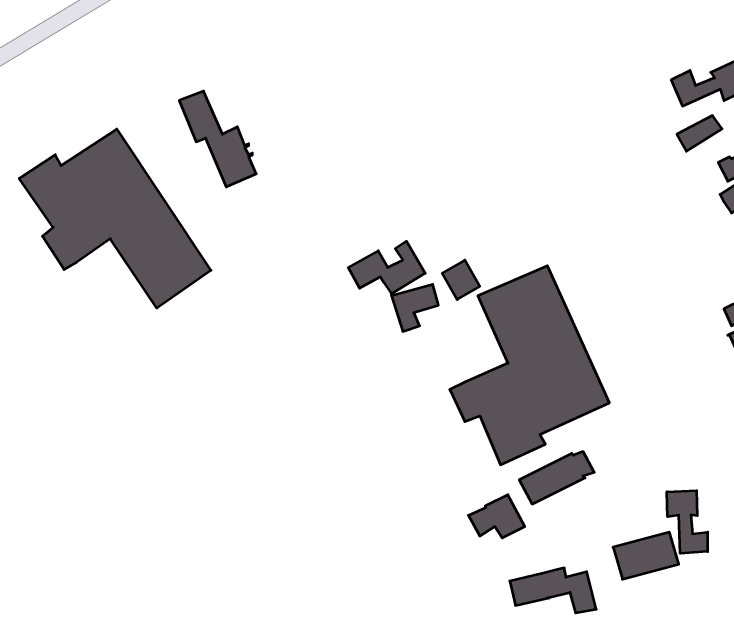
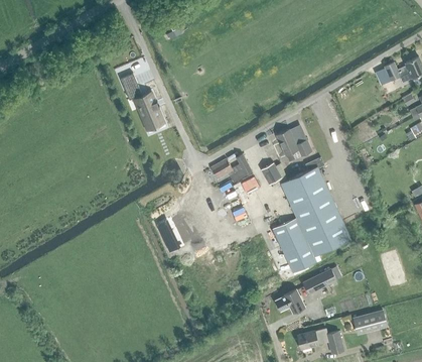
building: [19,129,211,308] -> none
building: none -> [276,129,312,161]
building: [667,491,708,553] -> none

